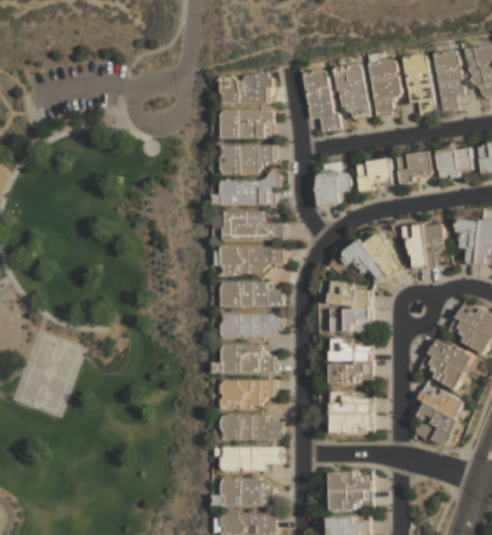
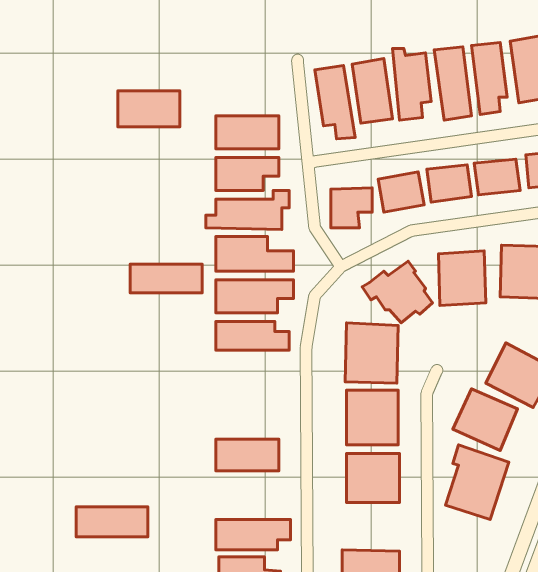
building: [220,74,271,104] -> [118,91,180,127]
building: [222,313,282,337] -> [130,264,202,293]
building: [213,344,276,374] -> none
building: [222,414,282,439] -> [76,507,148,537]

